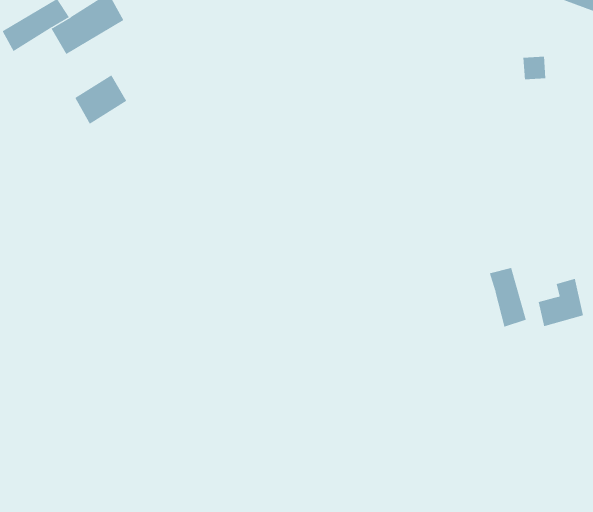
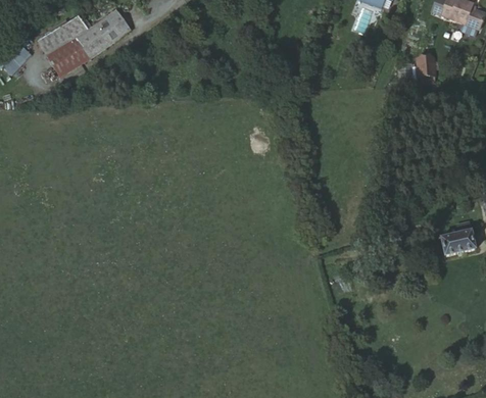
building: [74,74,127,124] -> [47,38,86,74]
building: [489,267,527,328] -> none

